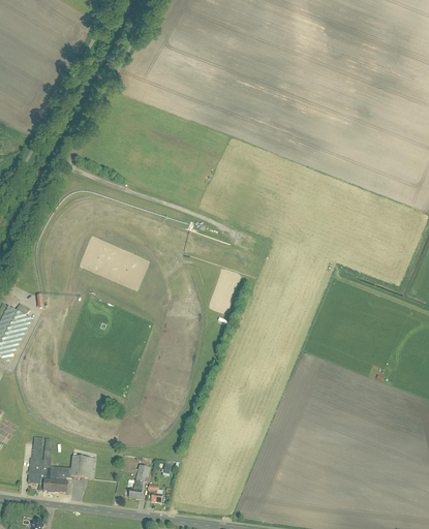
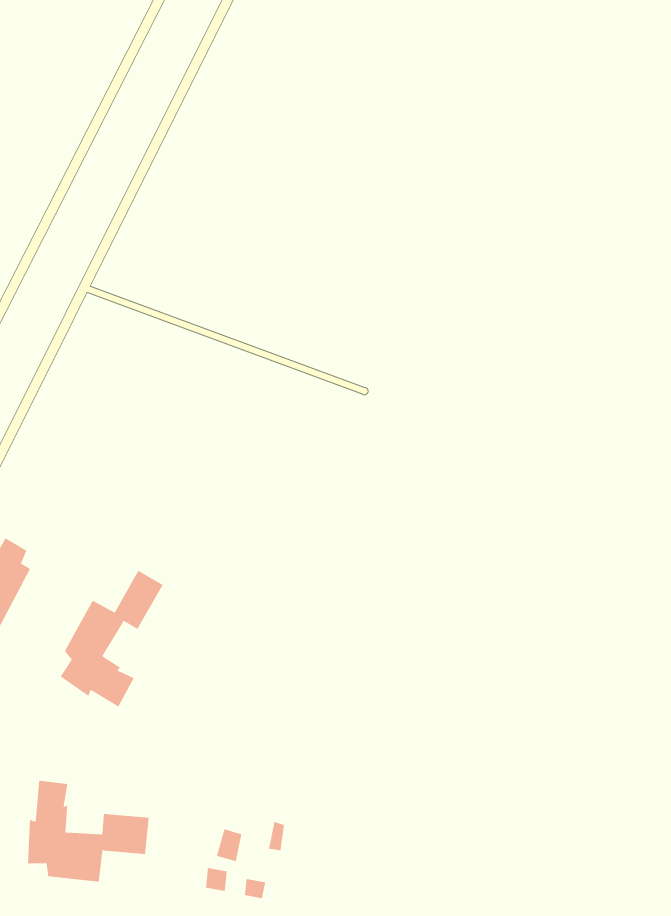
building: none -> [60,570,164,707]

